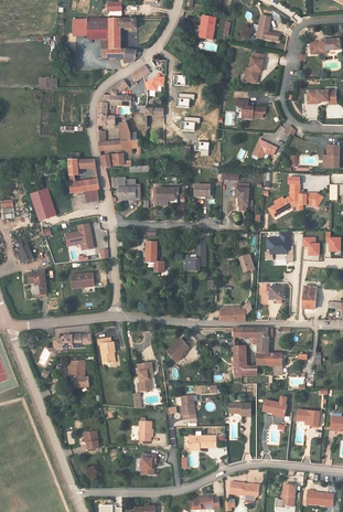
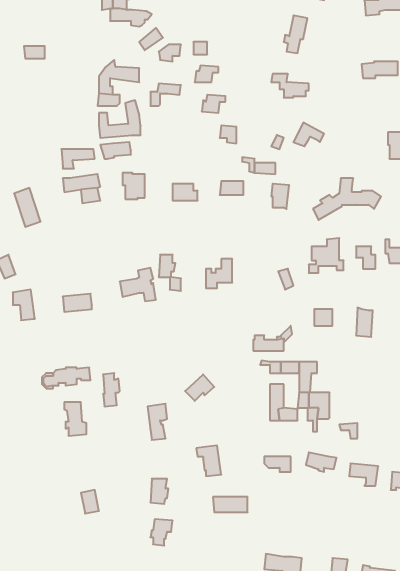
building: [65,223,94,249] -> [120,268,156,301]

